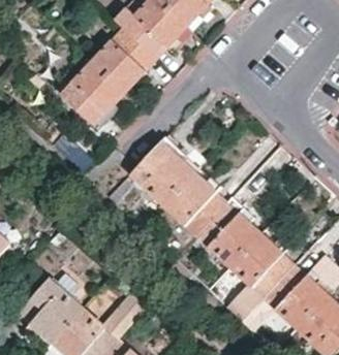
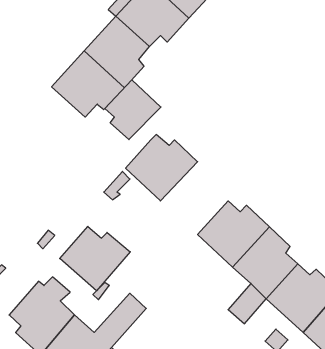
building: none -> [105,80,161,140]
building: [163,167,227,236] -> none
building: none -> [60,226,130,291]

